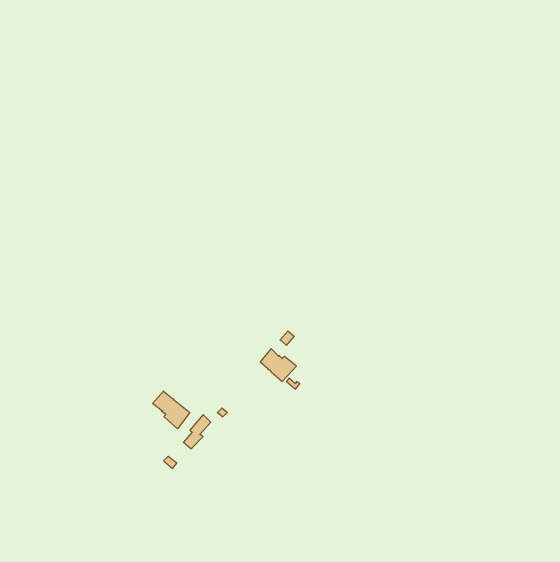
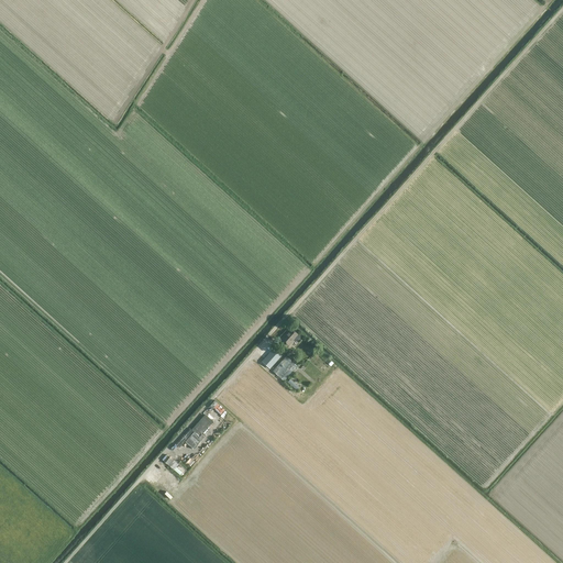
building: [153,391,190,429] -> none

